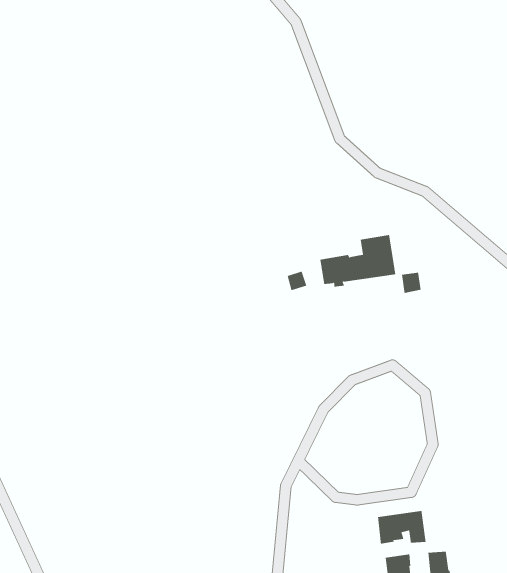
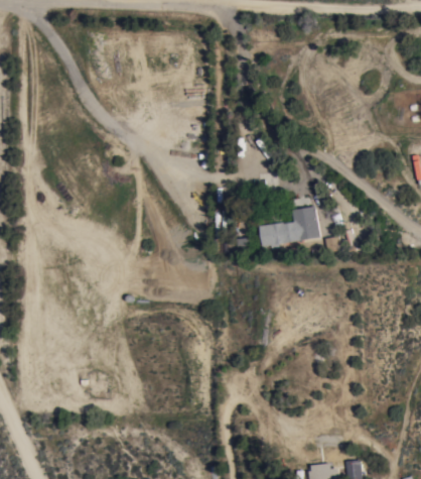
building: [378,510,426,544] -> none

